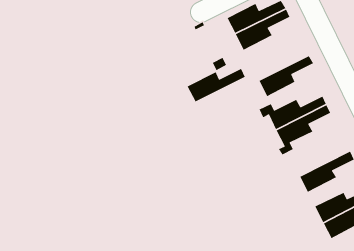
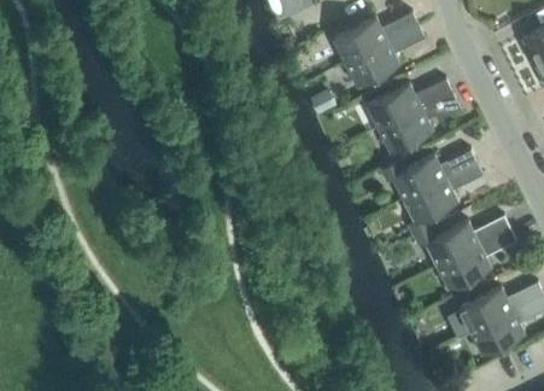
building: [187,68,246,102] -> [368,78,452,128]
building: none -> [414,216,511,265]

